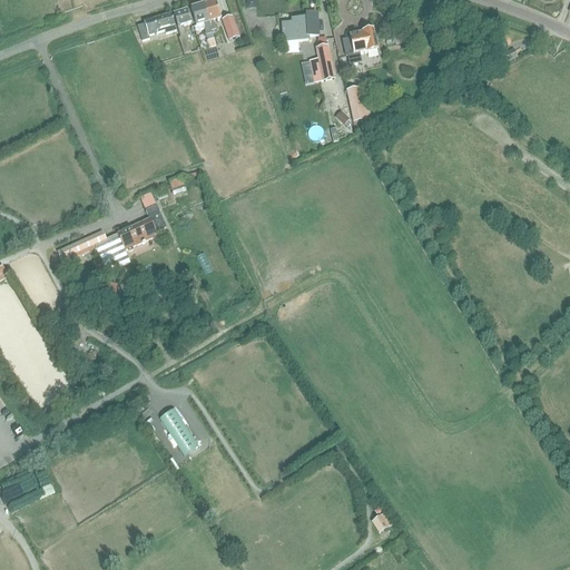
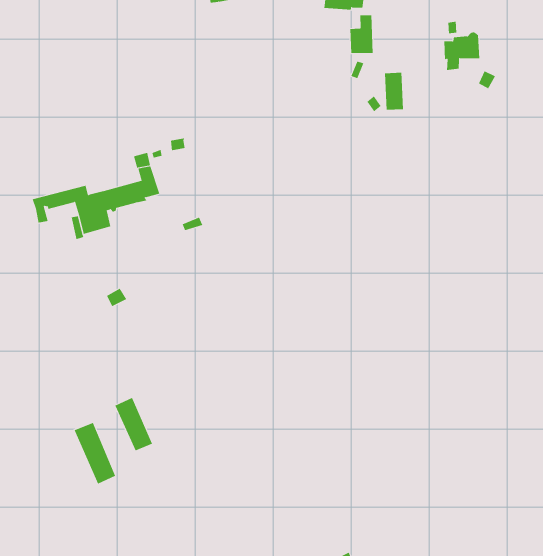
building: [343,24,377,62] -> [444,32,480,71]
building: none -> [74,422,116,485]

